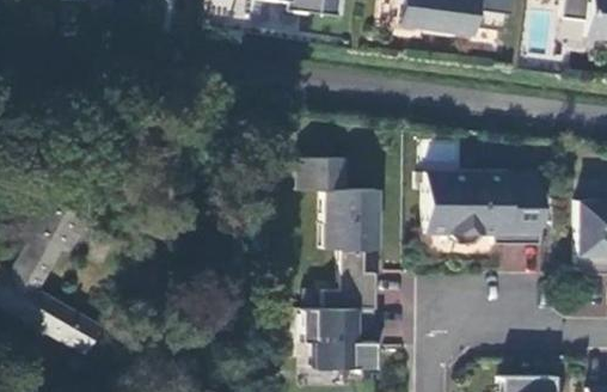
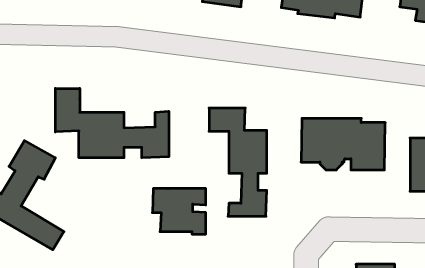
building: none -> [55,88,169,158]
building: [302,310,376,373] -> [152,189,206,234]

